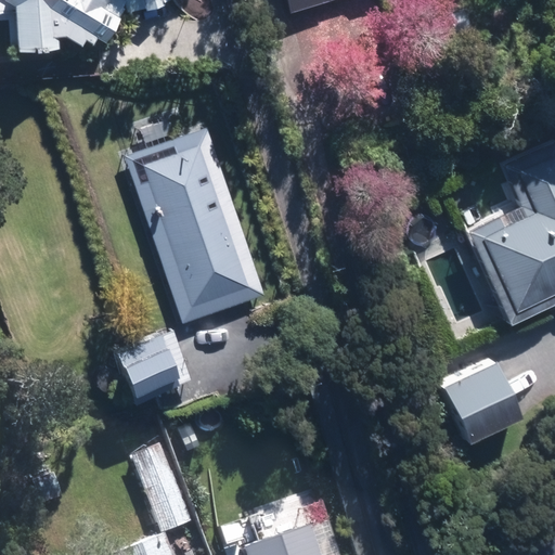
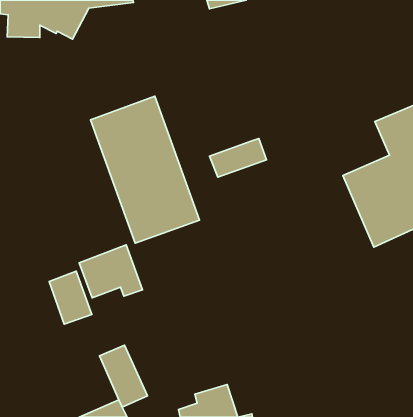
building: none -> [210,138,266,177]
building: [435,356,518,442] -> none
building: none -> [49,271,92,324]

